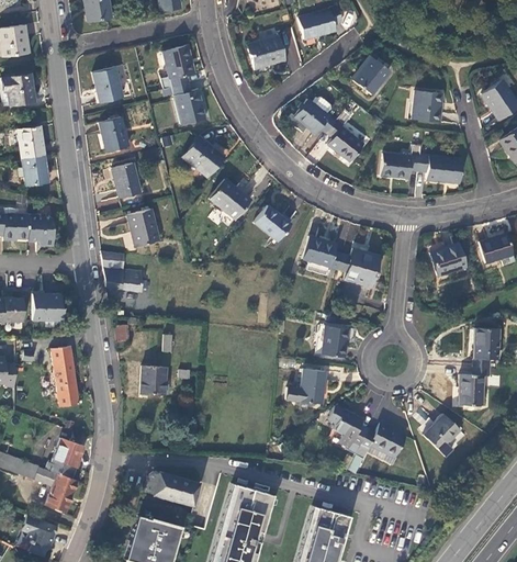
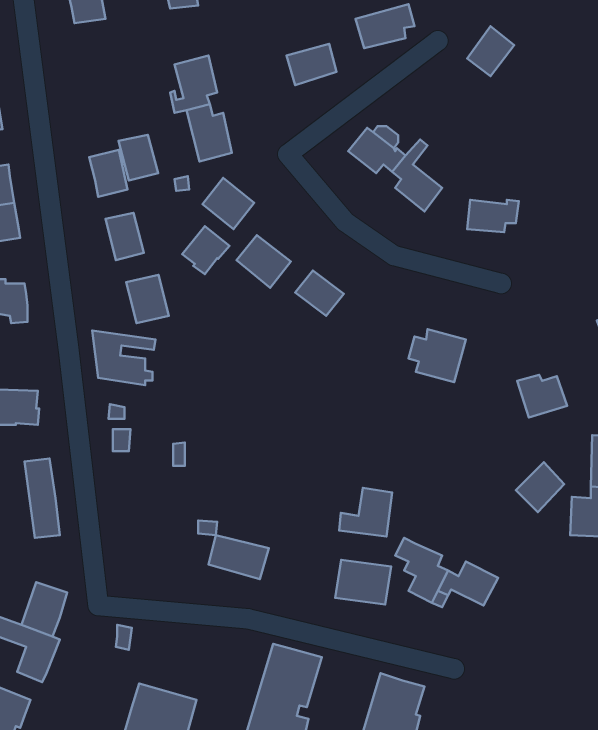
building: [355,57,390,94] -> [467,26,514,76]
building: [93,67,123,101] -> [118,135,158,180]
building: [413,90,442,121] -> none
building: [418,154,462,182] -> none
building: none -> [182,226,230,274]
building: [303,236,342,271] -> none
building: [428,243,465,274] -> [517,375,567,417]
building: [321,325,348,358] -> none
building: [142,366,170,394] -> none
building: [424,414,460,451] -> [516,462,564,512]
building: none -> [335,560,391,605]
building: [153,471,198,504] -> [208,535,269,579]

